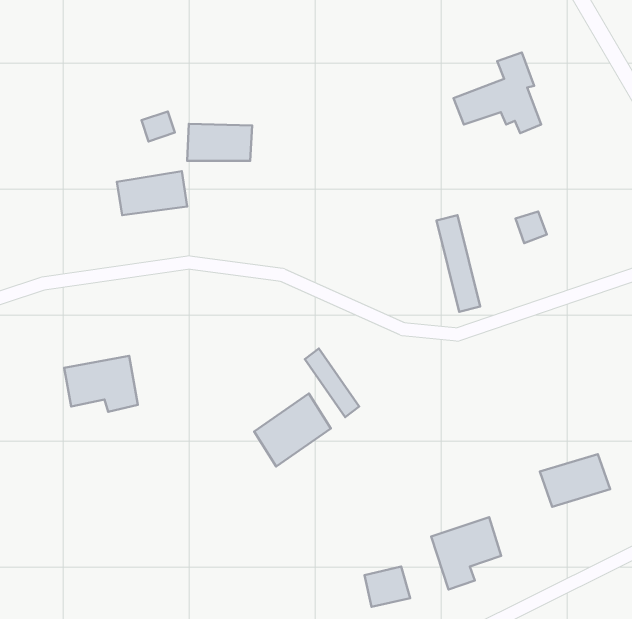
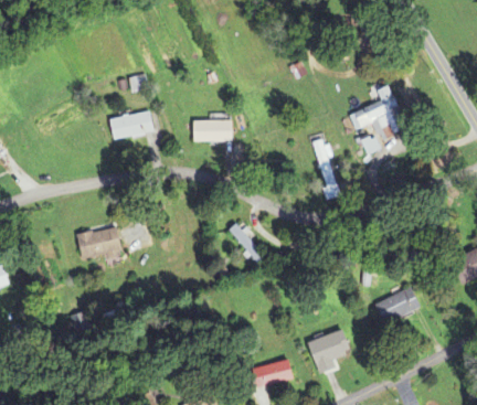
building: [453,52,541,133] -> [348,84,403,135]
building: [187,124,252,161] -> [193,119,234,142]
building: [254,394,331,466] -> none

